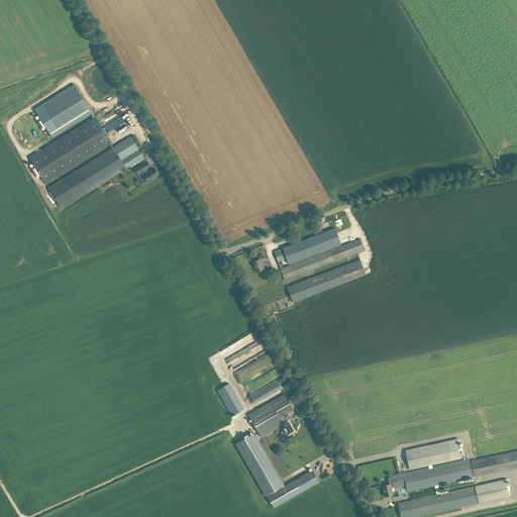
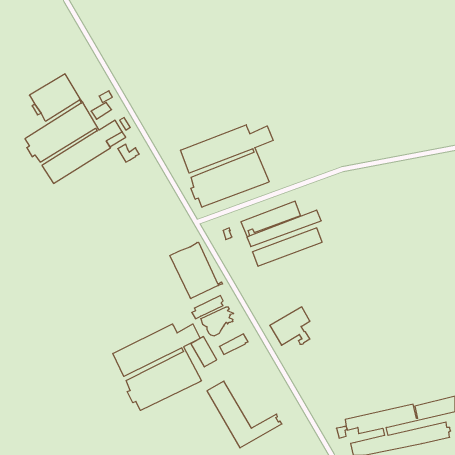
building: none -> [181,125,273,207]
building: none -> [170,242,223,299]
building: none -> [113,324,201,410]
building: [247,394,293,437] -> [270,307,310,345]
building: [404,438,462,470] -> none

